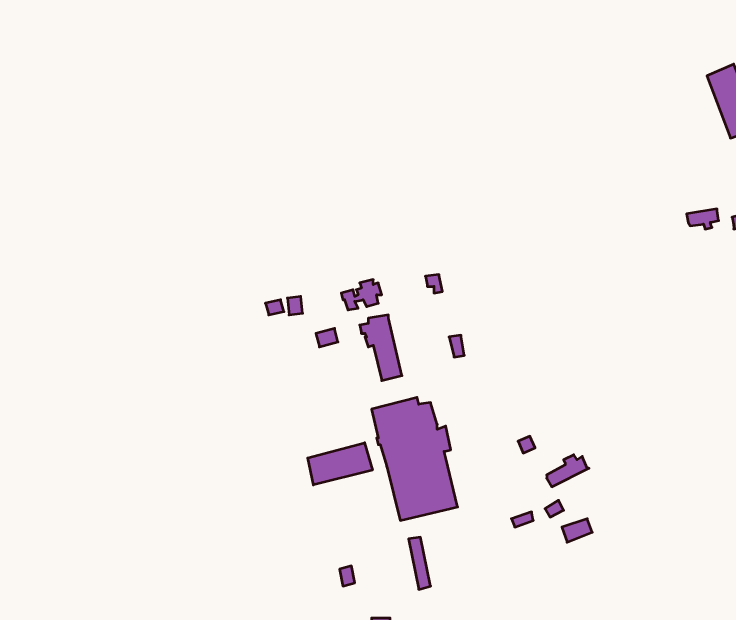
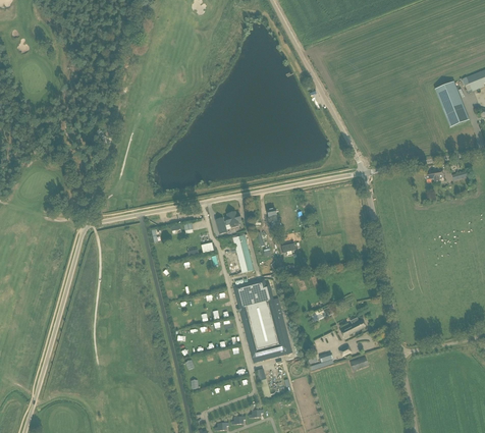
building: [308,443,372,485] -> none

